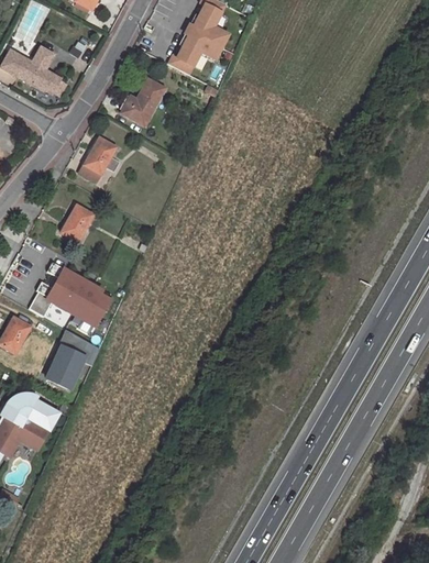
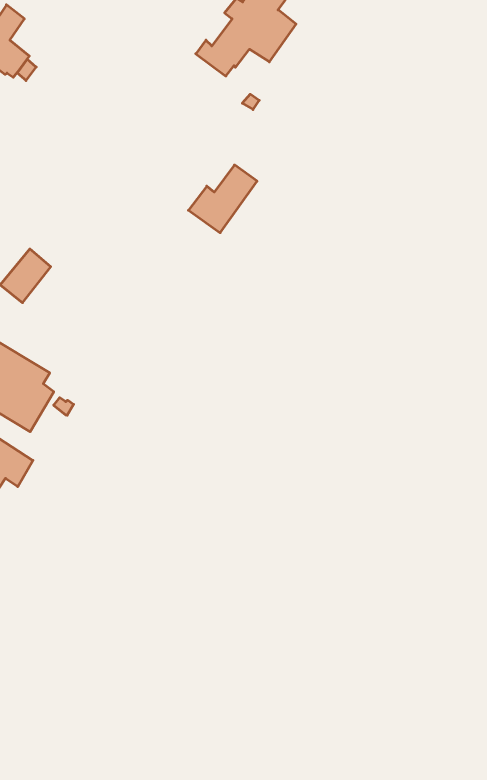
building: [121,78,164,124] -> [188,165,257,233]
building: [79,137,120,183] -> none

